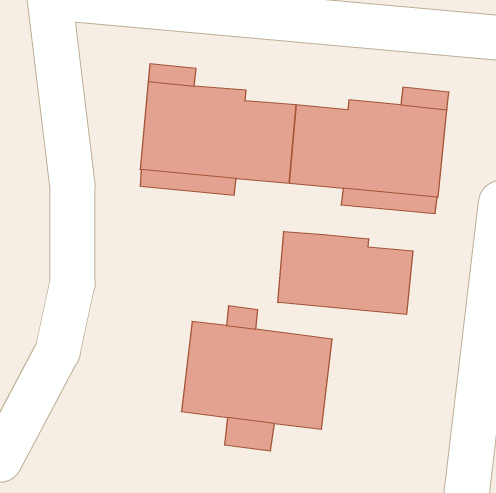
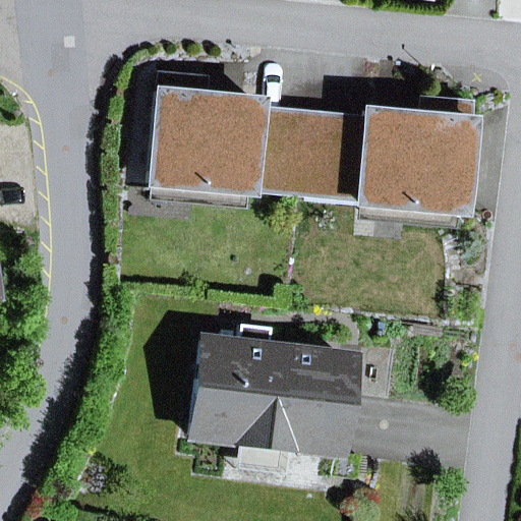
building: [278,231,413,314] -> none

